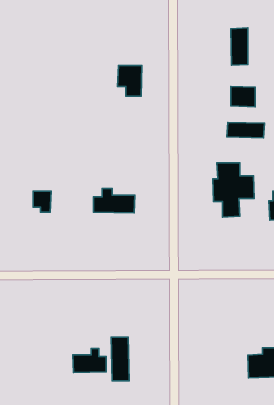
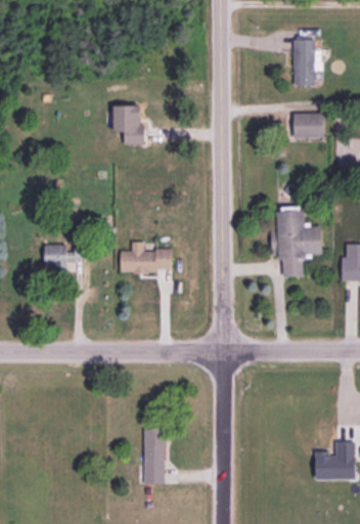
building: [118,65,142,96] -> [114,105,144,144]
building: [227,123,264,138] -> none
building: [73,349,106,372] -> none

